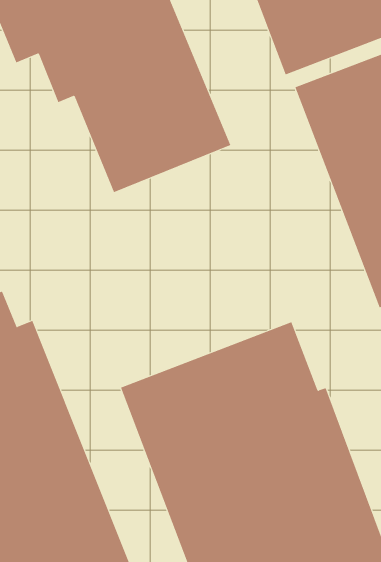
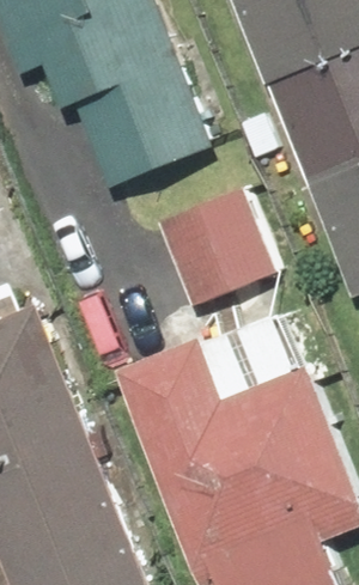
building: none -> [157,184,281,306]

